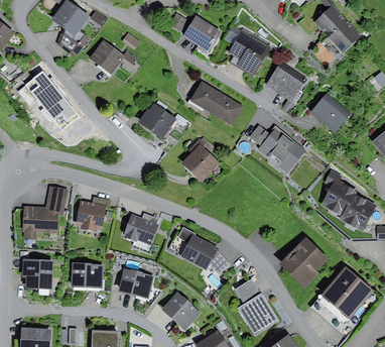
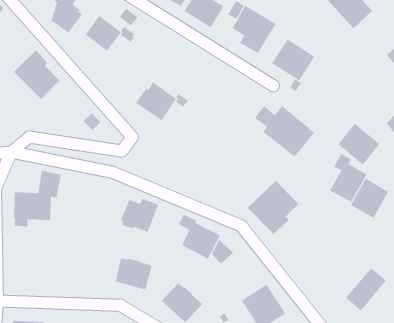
building: [189,81,243,125] -> none
building: [310,92,351,132] -> [337,123,380,165]
building: [180,137,219,182] -> none
building: [75,197,110,231] -> none
building: [278,236,328,287] -> [247,180,299,235]
building: [21,258,53,288] -> none
building: [72,262,103,287] -> none
building: [320,265,359,306] -> none
building: [234,277,261,304] -> none

